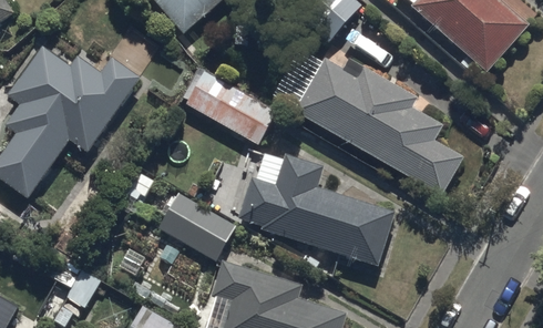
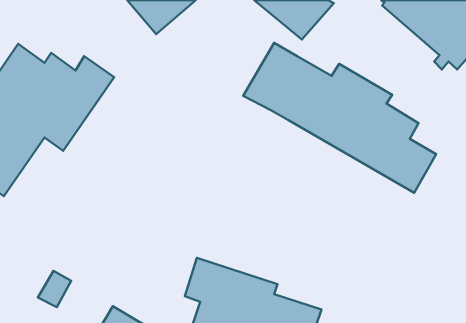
building: [181,66,279,146] -> none
building: [238,151,397,265] -> none
building: [156,191,235,259] -> none

